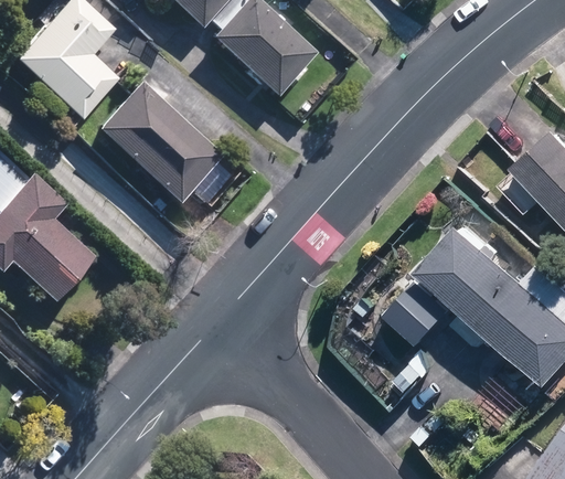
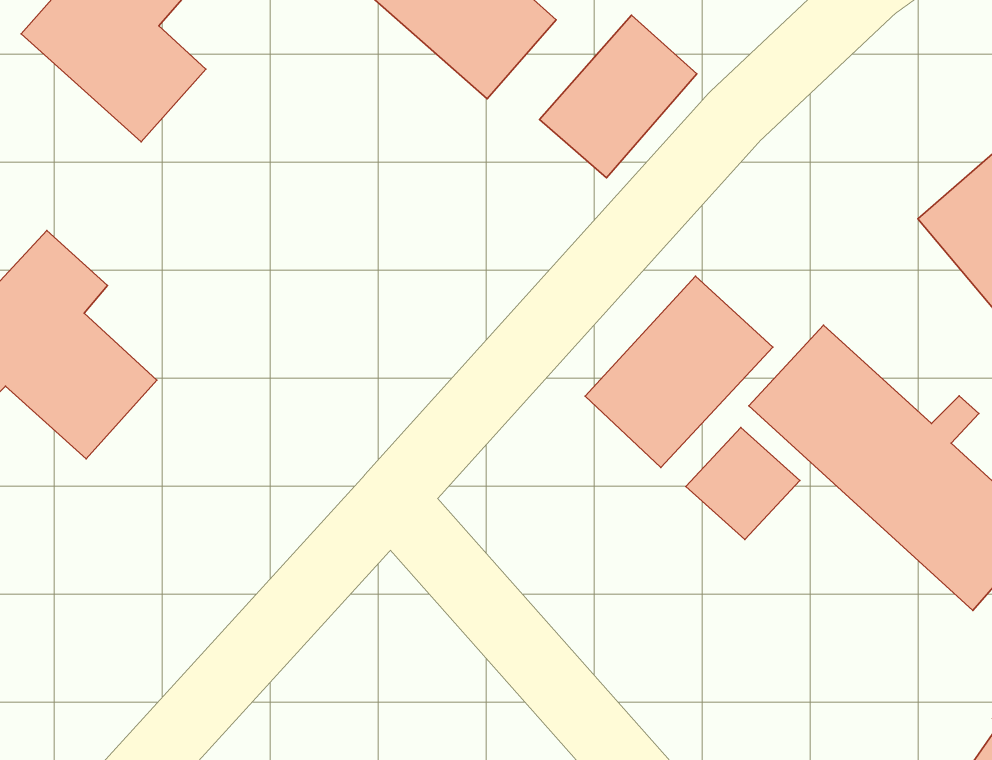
building: none -> [539,15,697,178]
building: [99,82,223,202] -> none
building: none -> [585,276,773,468]

